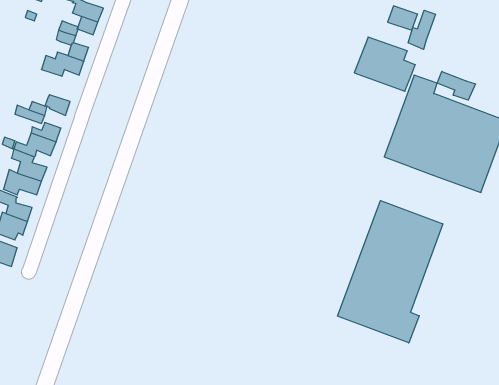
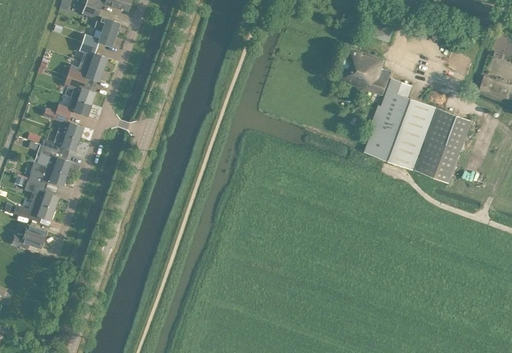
building: [408,10,435,49] -> none
building: none -> [62,76,95,104]
building: [437,71,475,100] -> none
building: [337,201,443,343] -> none

